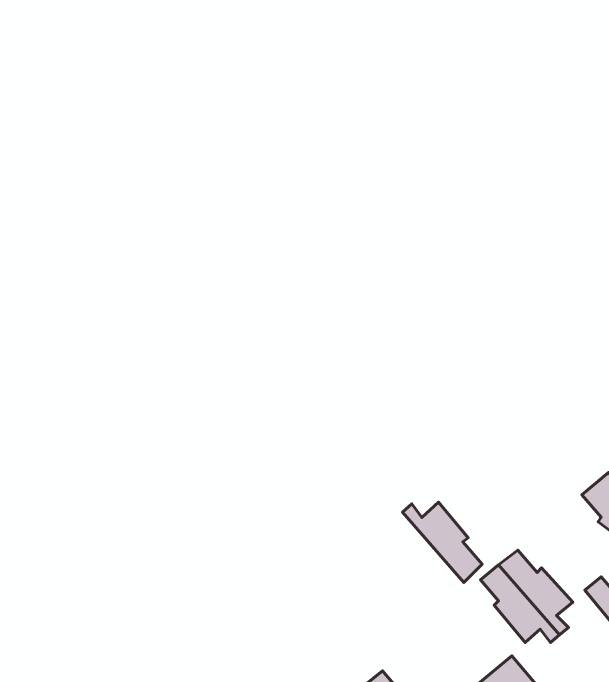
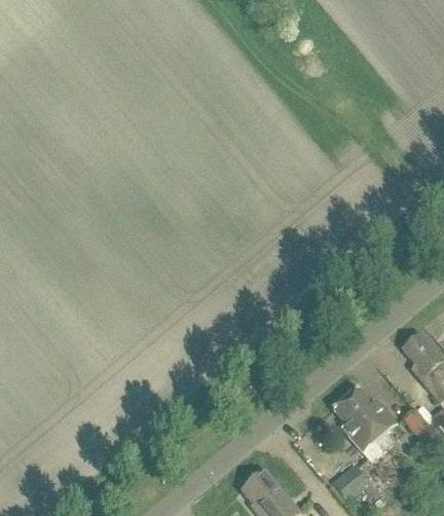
building: [403,502,482,582] -> none

